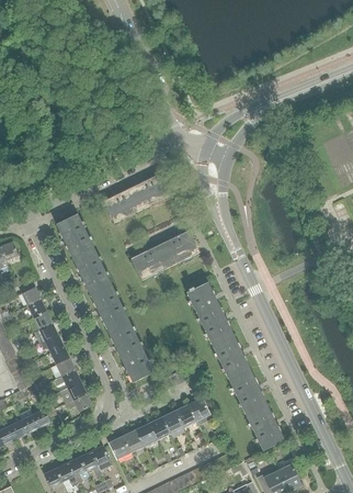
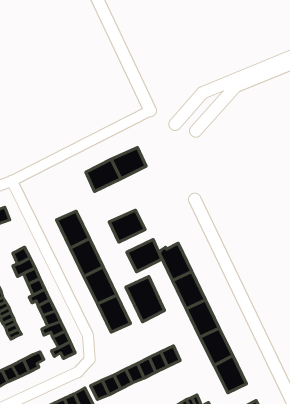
building: [55,214,92,256] -> none
building: [159,231,198,267] -> [127,240,162,272]
building: none -> [126,276,165,322]

